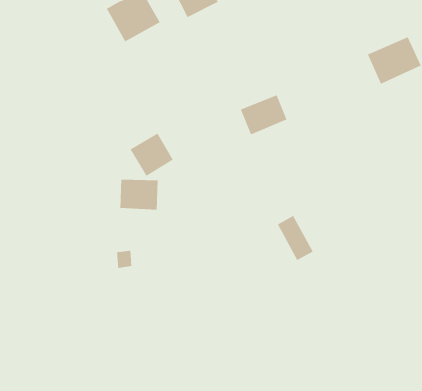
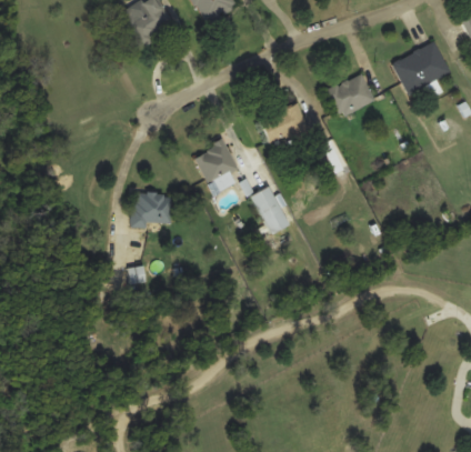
building: none -> [322,72,374,119]
building: [129,132,174,177] -> [192,139,239,185]
building: [277,215,314,261] -> [250,185,289,234]

